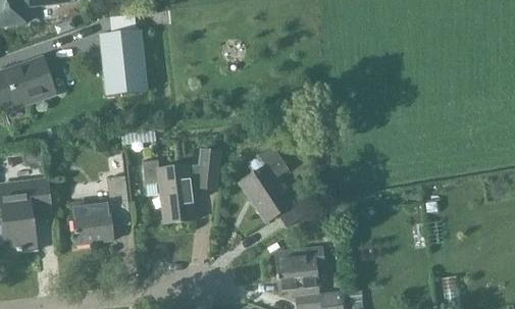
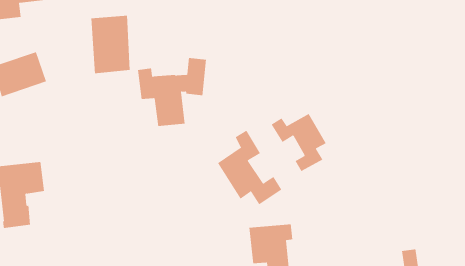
building: none -> [271,113,327,172]
building: [143,148,219,223] -> [137,58,207,127]
building: [72,176,128,244] -> none

